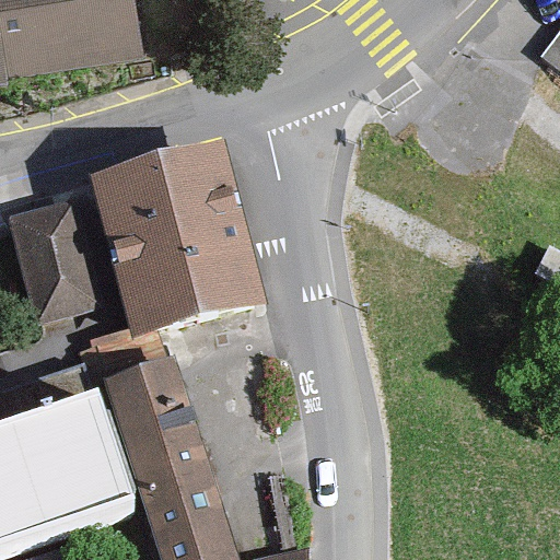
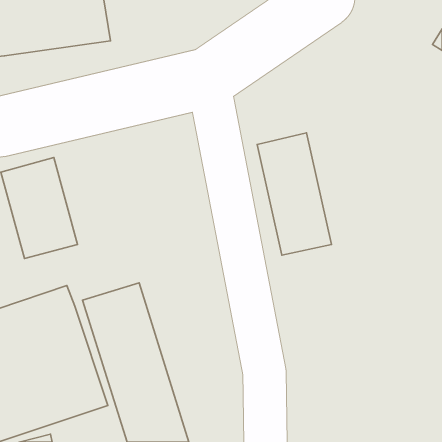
building: [95,163,265,349] -> none
building: none -> [257,133,331,255]

